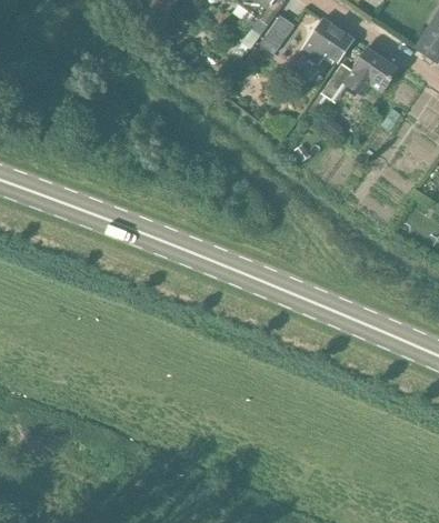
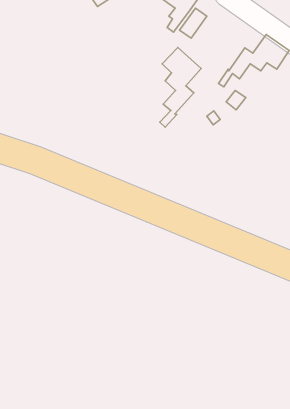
building: [301,16,353,62] -> none
building: none -> [160,48,201,127]

